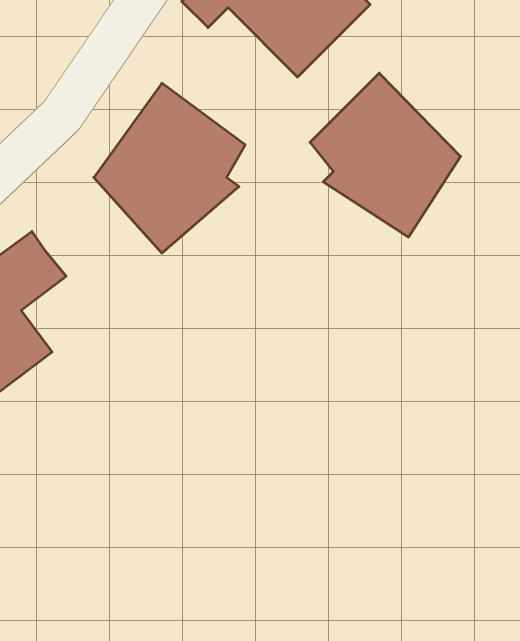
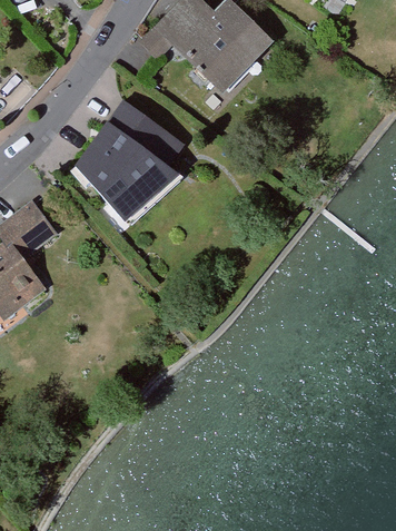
building: [310,73,461,237] -> none

